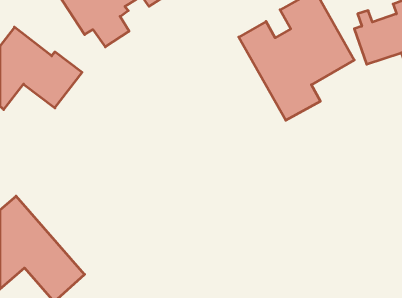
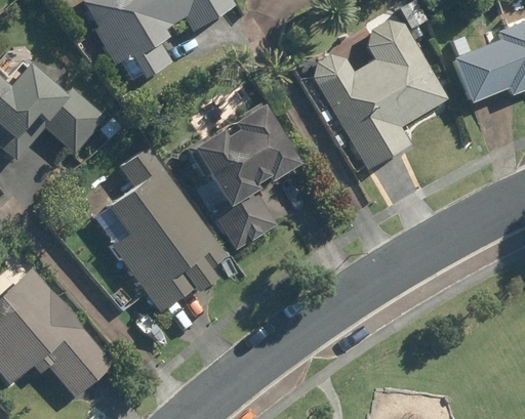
building: none -> [181,102,294,251]
building: none -> [93,145,229,310]

